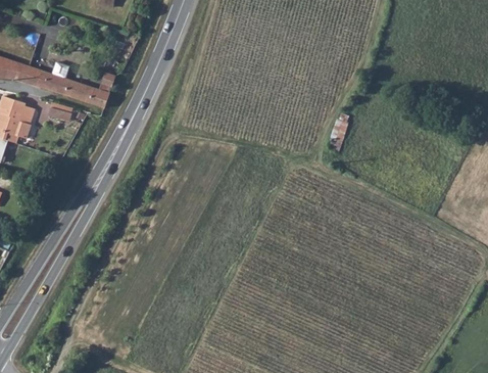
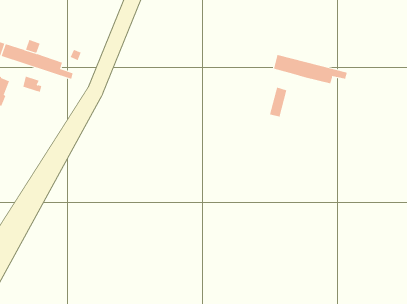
building: none -> [274,54,348,84]

